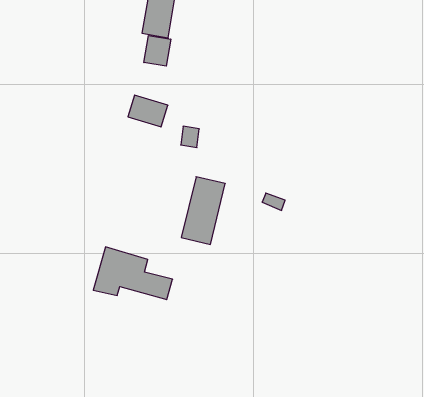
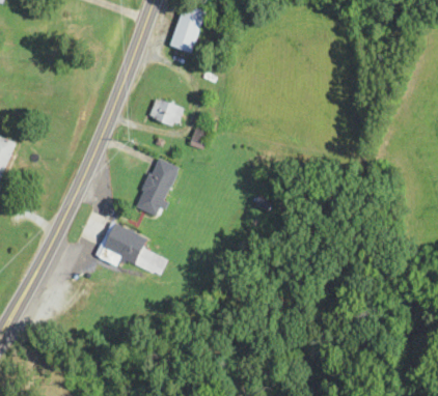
building: [144,36,171,66] -> none
building: [181,177,225,244] -> [135,158,179,217]

